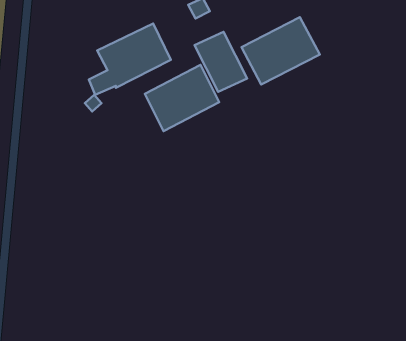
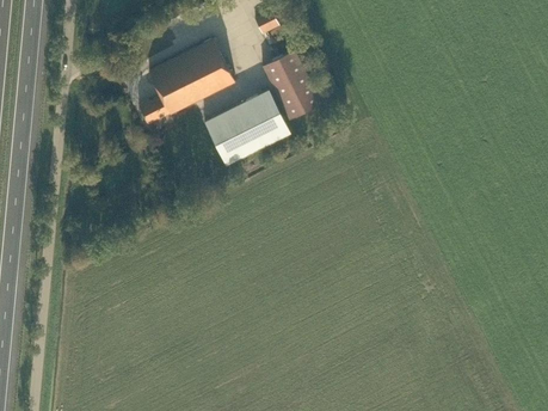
building: [241,17,320,84] -> none

